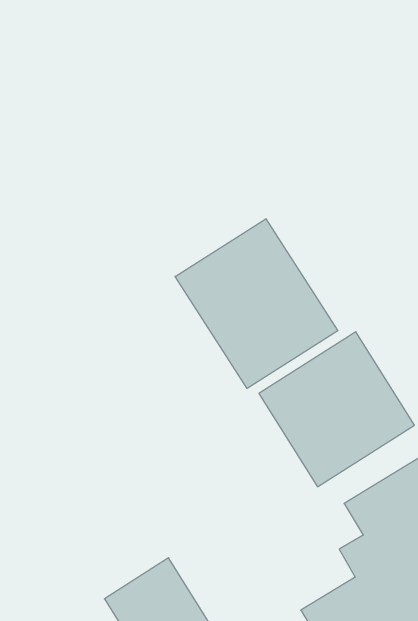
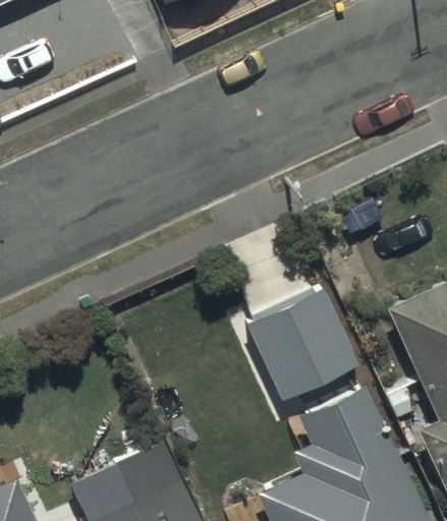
building: [175,219,338,388] -> none

